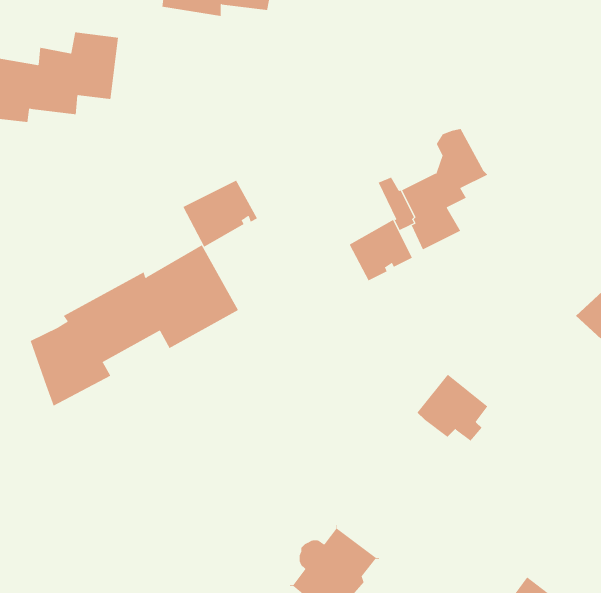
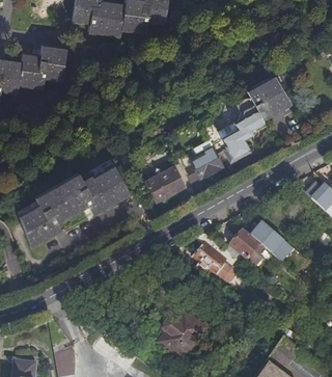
building: none -> [246,77,291,119]
building: [183,180,258,247] -> [145,166,186,203]
building: none -> [252,222,283,253]
building: none -> [196,234,236,280]

